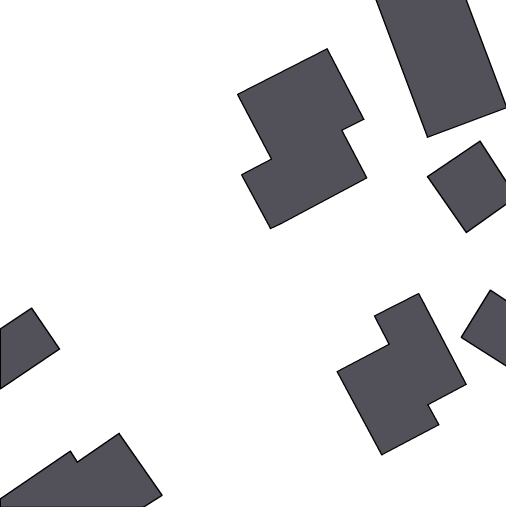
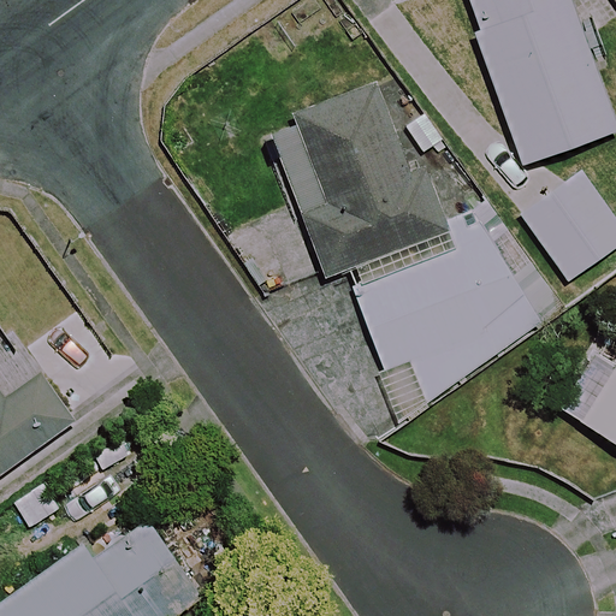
building: none -> [342,215,544,393]
building: [337,294,466,455] -> none

